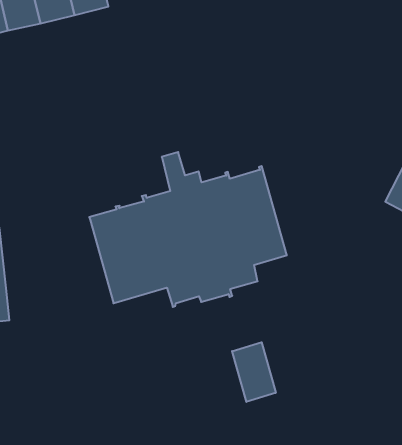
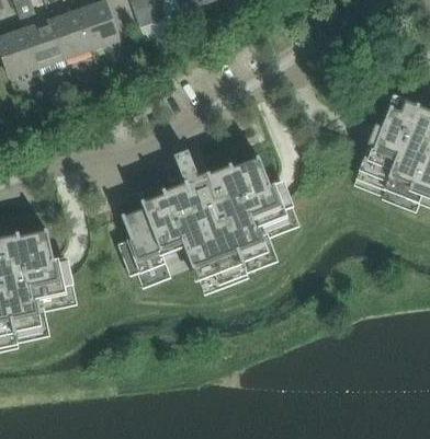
building: [232,342,276,402] -> none

